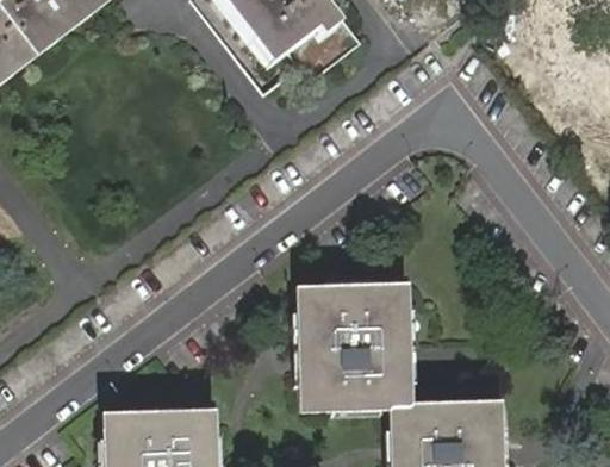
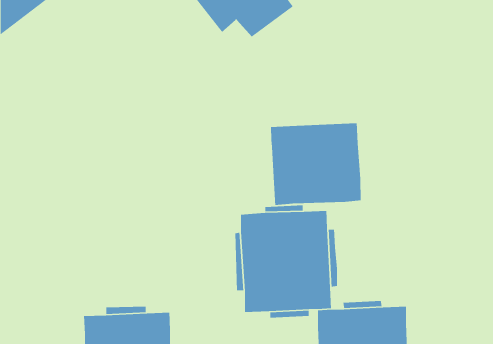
building: none -> [270,122,361,206]

